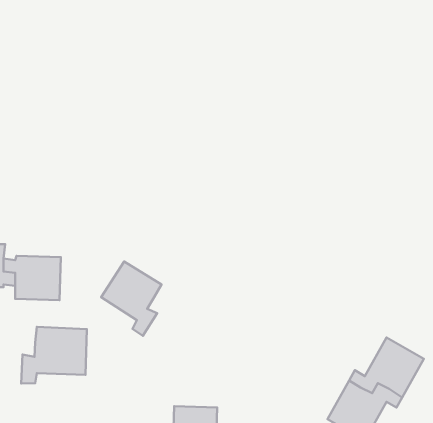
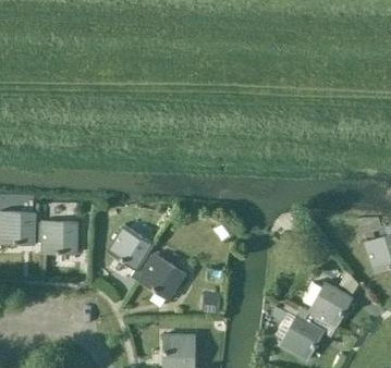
building: none -> [139,252,185,299]
building: [21,327,87,384] -> none

